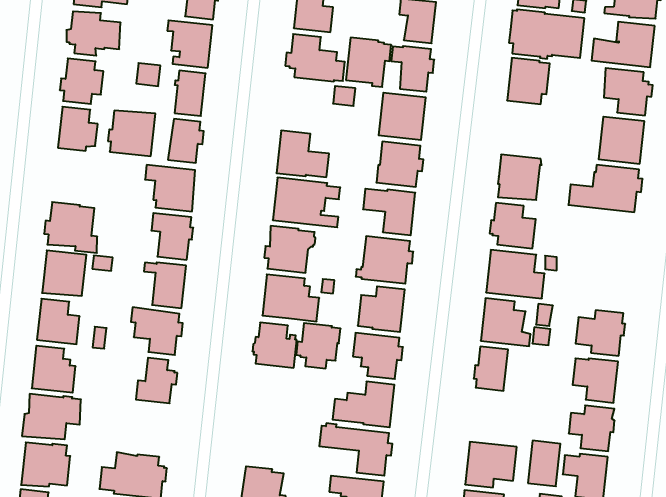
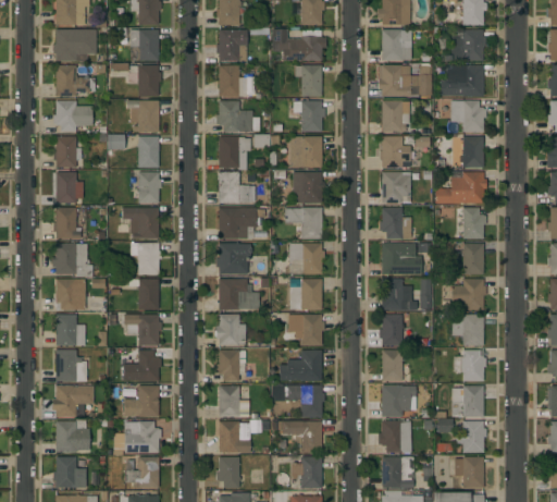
building: [346,38,391,87] -> [219,136,249,170]
building: none -> [379,136,410,168]
building: [108,111,155,156] -> [53,207,86,238]
building: none -> [462,207,485,238]
building: none -> [455,243,483,274]
building: [296,323,341,368] -> [215,350,246,381]
building: none -> [123,385,159,417]
building: none -> [218,385,249,417]
building: [528,441,560,486] -> [381,350,401,381]

